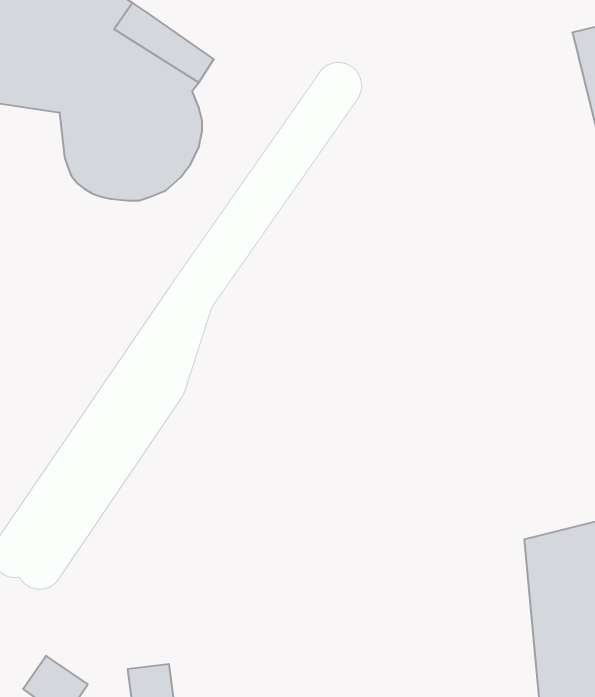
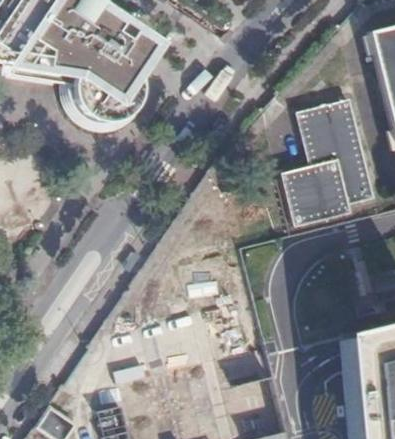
building: none -> [277,98,375,227]

